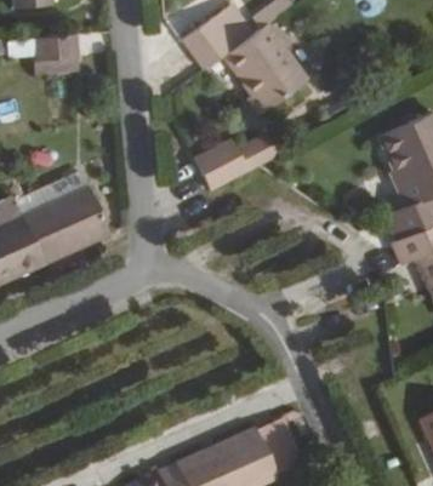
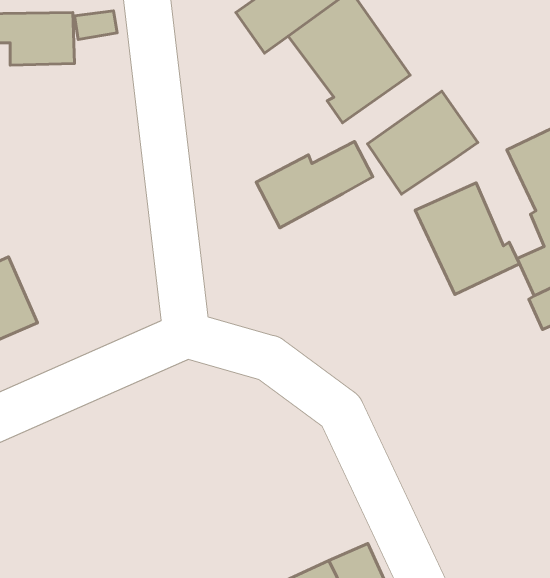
building: none -> [367,91,478,194]
building: none -> [415,183,519,294]
building: [23,181,108,259] -> none

